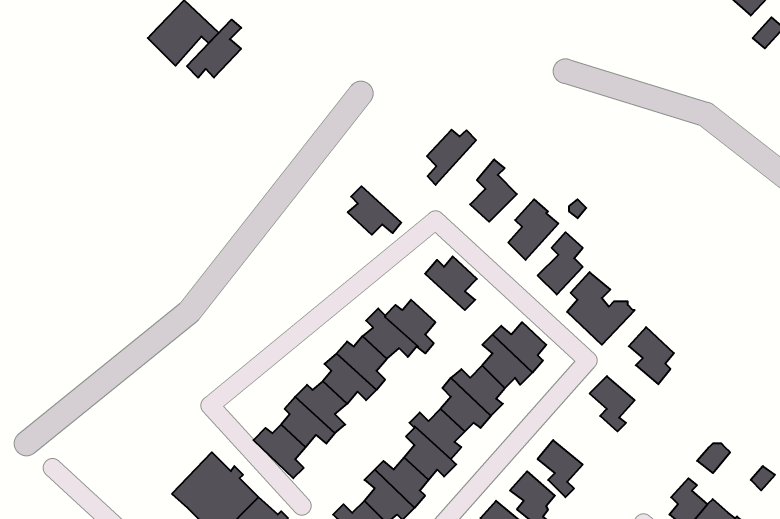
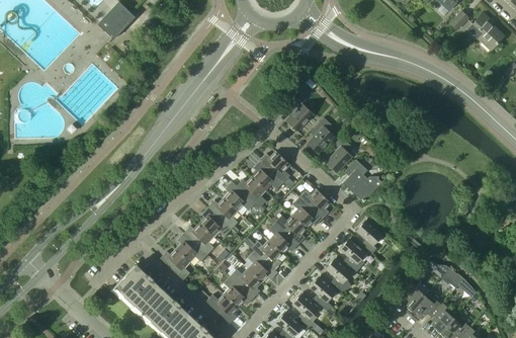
building: [187,20,241,78] -> none
building: [427,130,476,185] -> none
building: [348,186,401,235] -> [252,161,283,189]
building: [629,327,674,384] -> [340,238,366,271]

